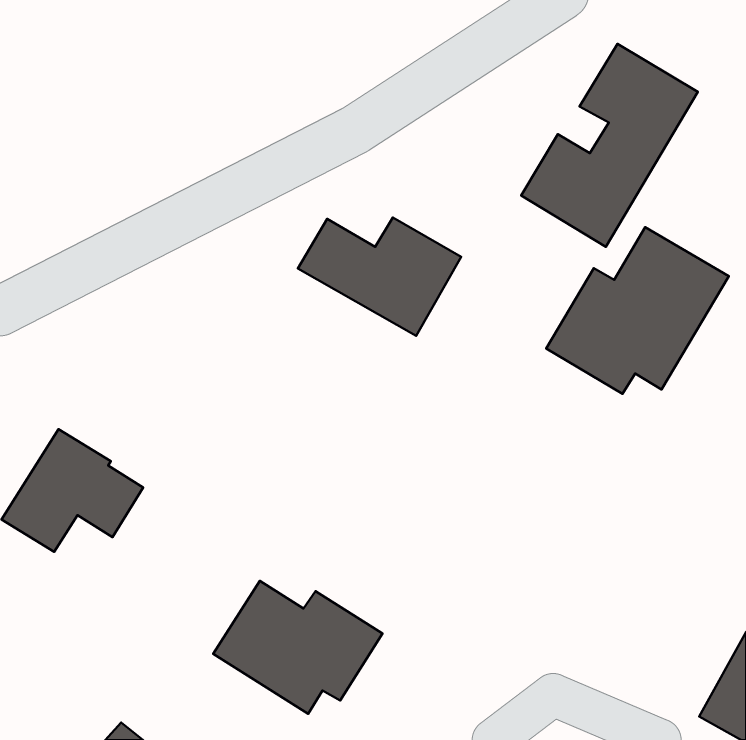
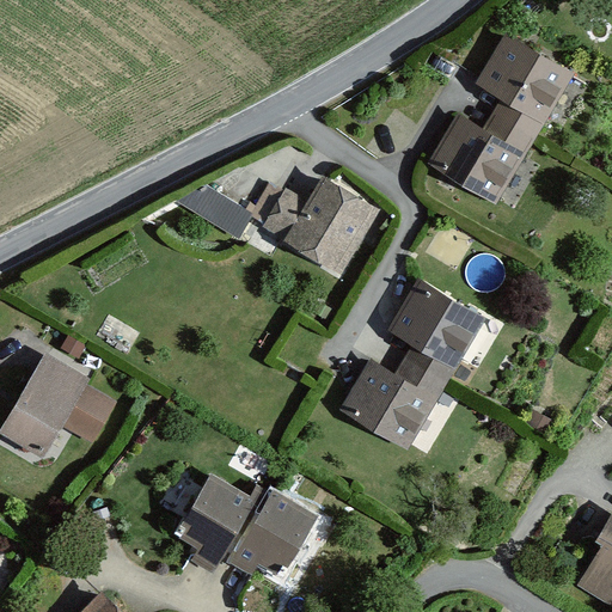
building: [546,227,729,394] -> none
building: none -> [339,276,490,452]

